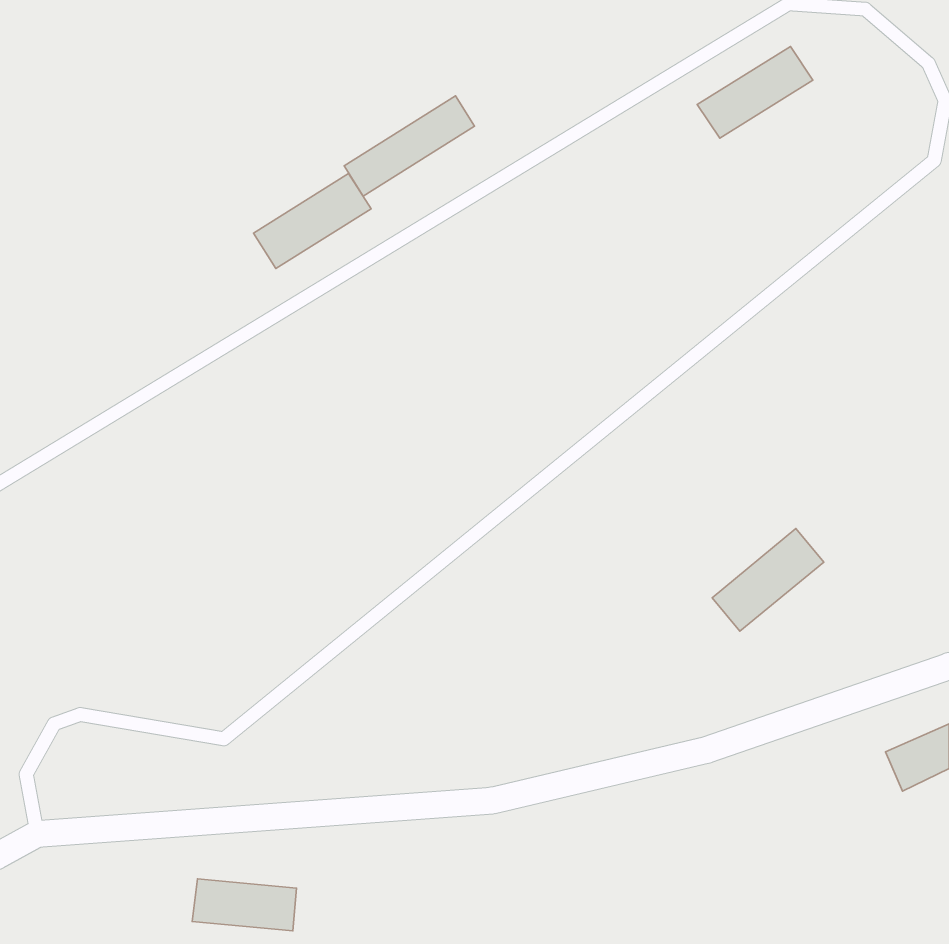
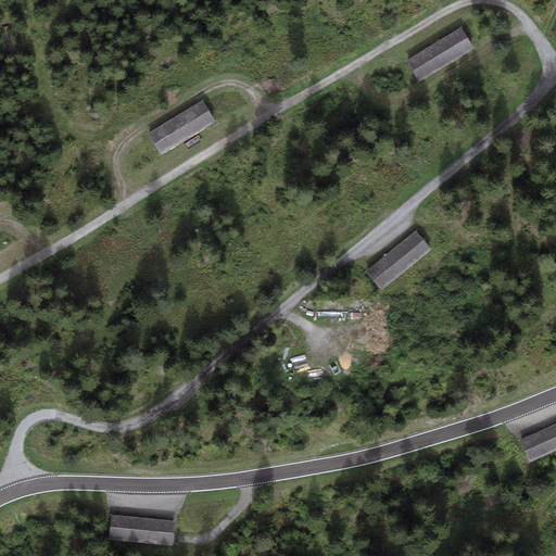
building: [344,96,475,196] -> none
building: [712,529,824,631] -> [367,229,432,289]

